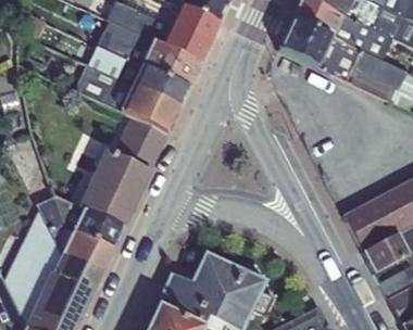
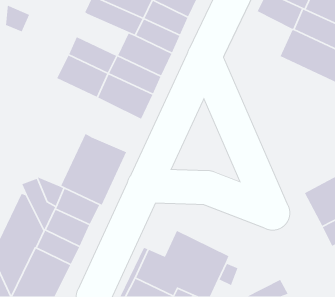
building: [279,17,330,66] -> none
building: [98,21,153,65] -> none
building: [114,116,167,169] -> none

